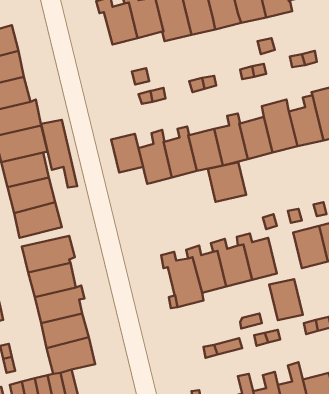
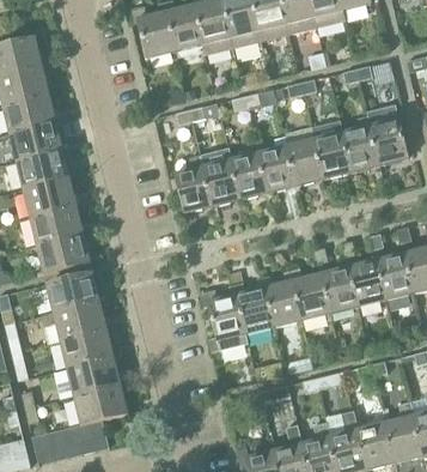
building: [41,120,77,187] -> none
building: [111,134,143,172] -> none
building: [208,162,246,202] -> none
building: [269,279,303,320] -> [318,267,355,313]

